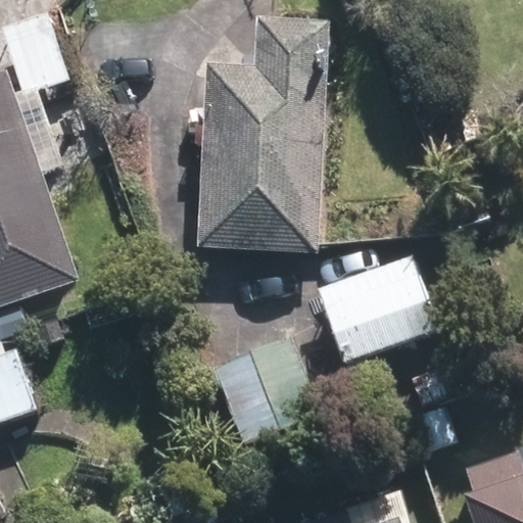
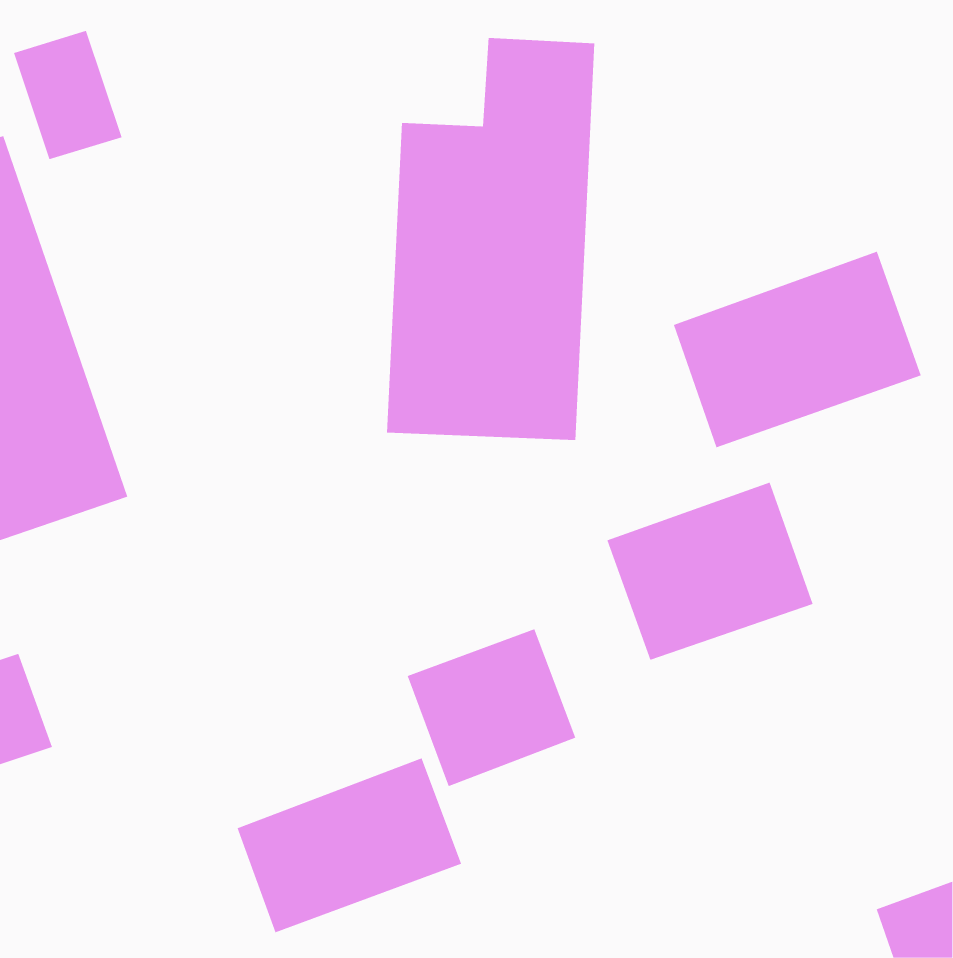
building: none -> [673,251,921,448]
building: none -> [237,757,462,933]

